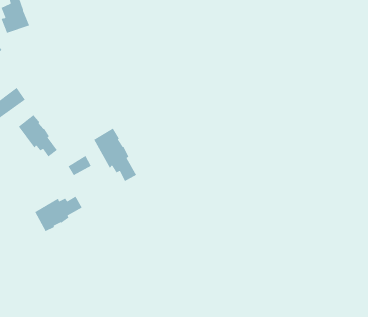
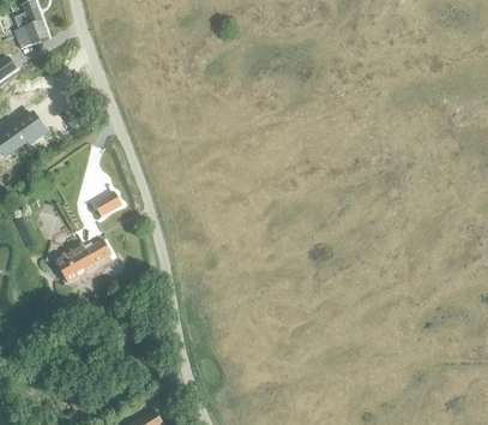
building: [18,114,58,157] -> none
building: [93,128,137,182] -> none

